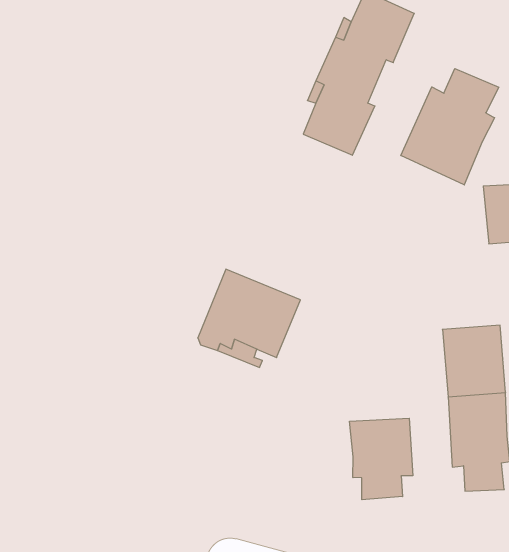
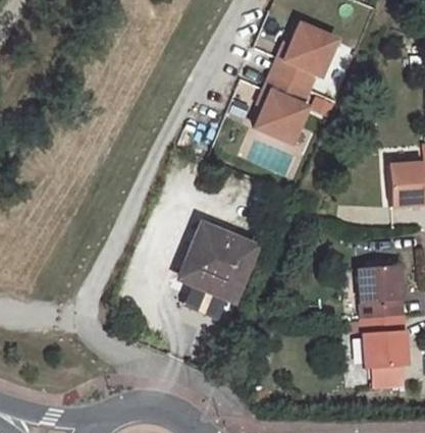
building: [401,69,499,185] -> none
building: [350,418,413,500] -> none

